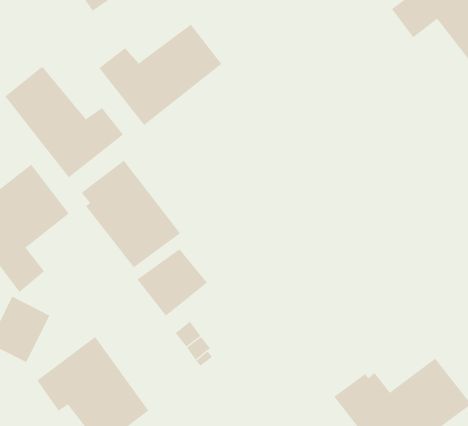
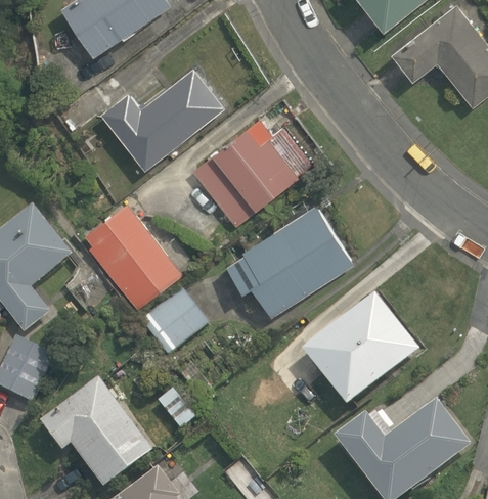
building: [4,66,124,178] -> none
building: none -> [191,126,299,227]
building: none -> [227,203,353,313]
building: none -> [303,293,418,406]

